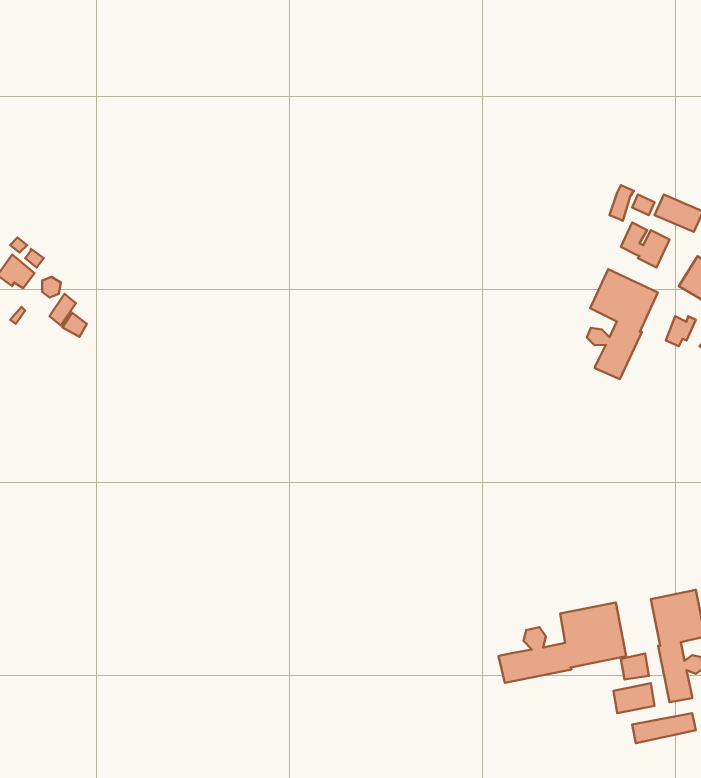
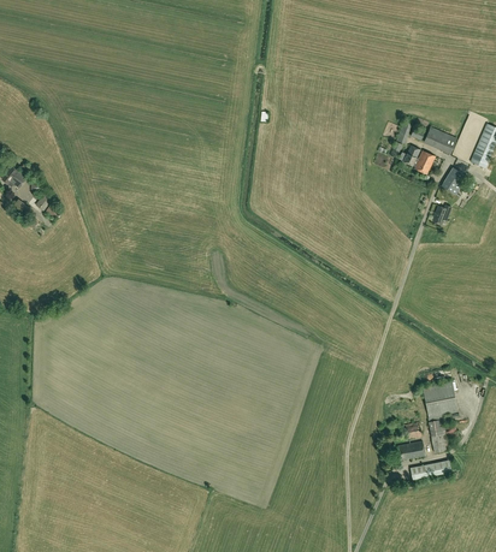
building: [587,269,658,379] -> none
building: [499,602,626,683] -> none

